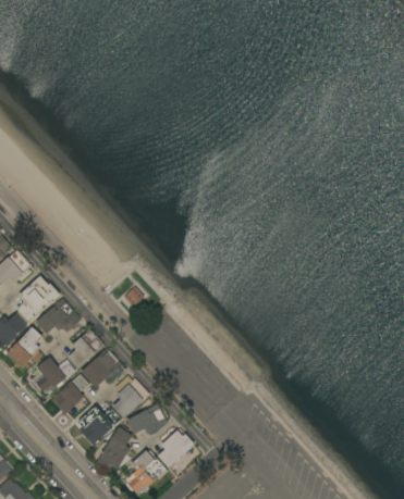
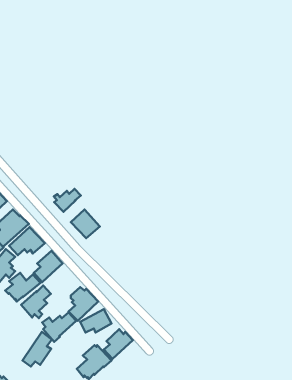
building: none -> [54,189,81,212]
building: [79,348,121,388] -> none
building: [94,427,132,472] -> [22,332,52,366]

